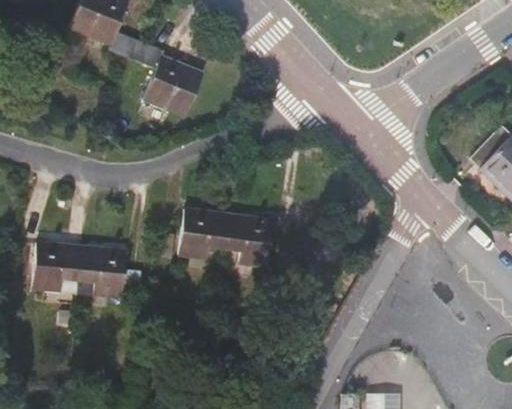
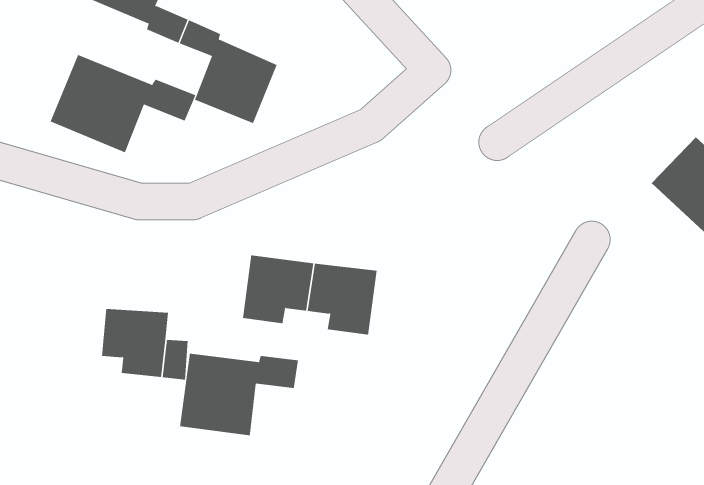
building: none -> [50,54,196,153]
building: [33,242,82,290] -> none
building: none -> [180,353,298,436]

